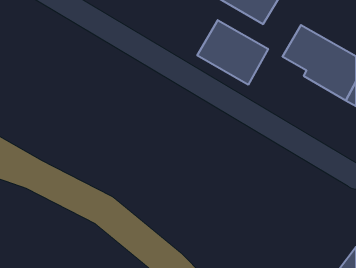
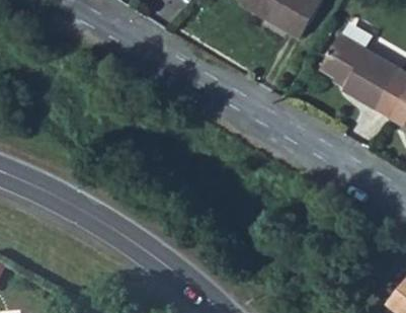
building: [197,20,268,85] -> none

